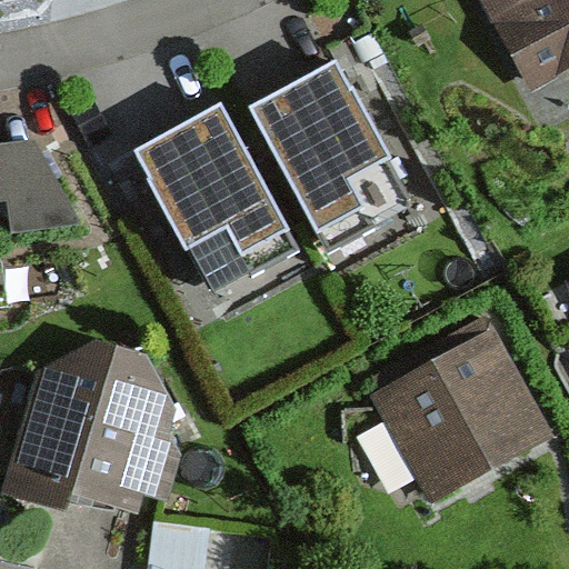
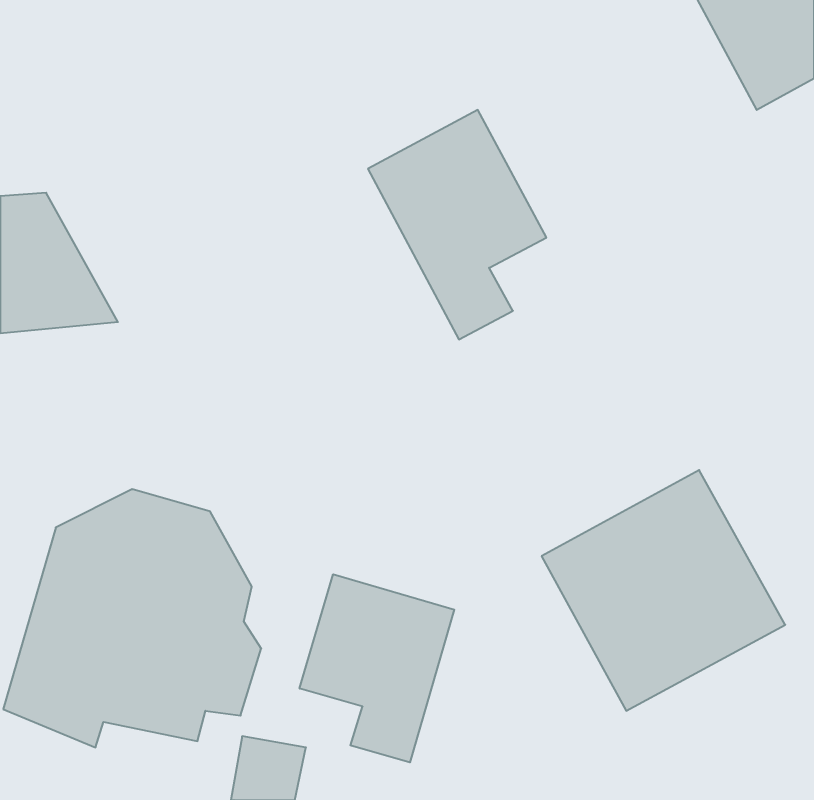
building: [139,117,283,259] -> none
building: none -> [300,574,454,762]

